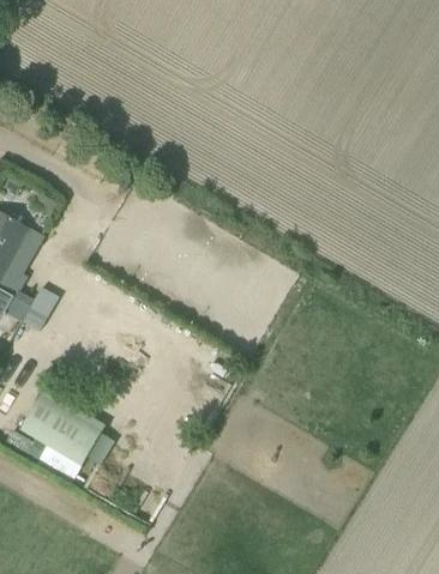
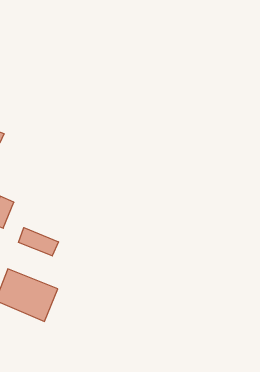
building: none -> [18,228,58,256]

